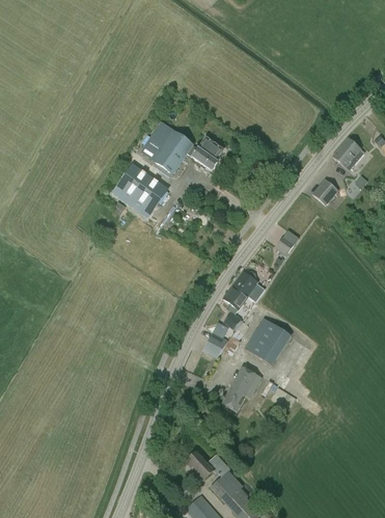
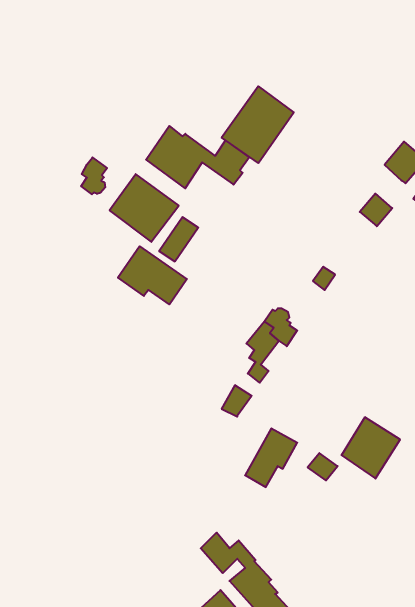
building: none -> [222,86,294,163]
building: none -> [81,157,107,194]
building: none -> [118,246,187,304]
building: [245,317,292,365] -> [341,417,400,479]

